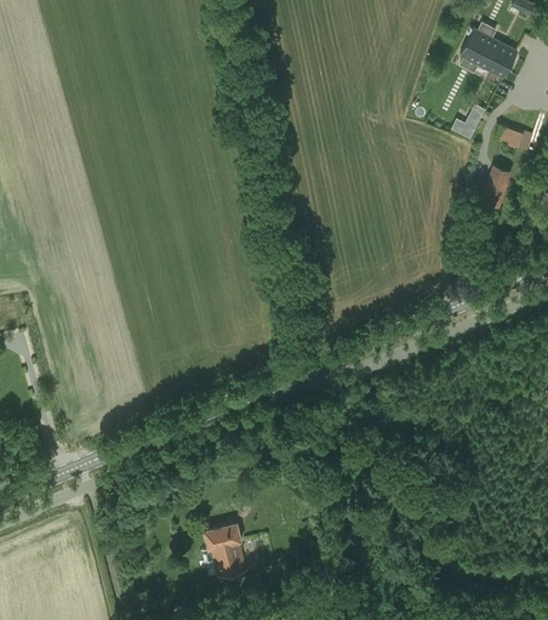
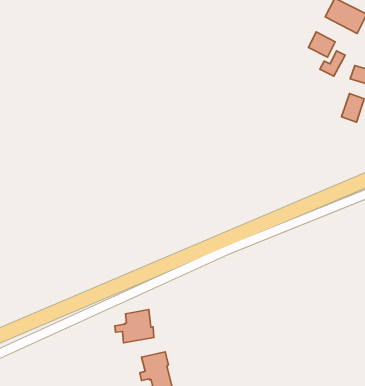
building: none -> [308,32,335,57]
building: none -> [115,309,154,343]

